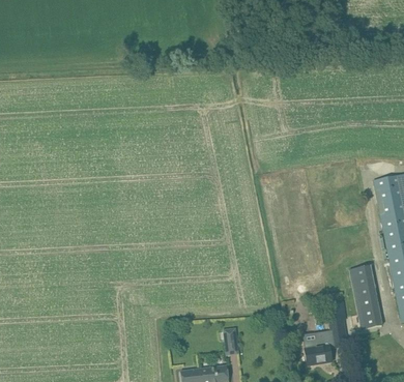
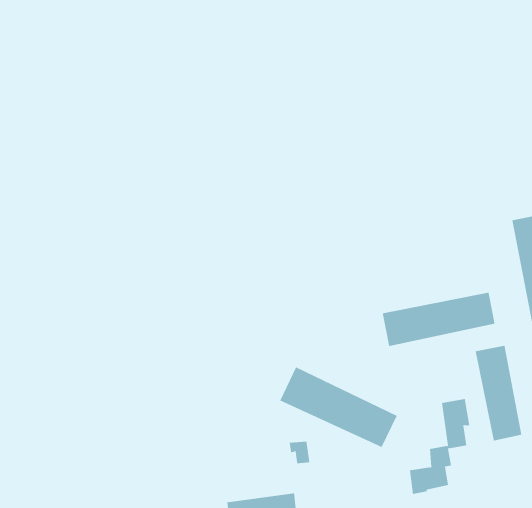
building: none -> [382,292,495,347]
building: none -> [279,367,398,448]

